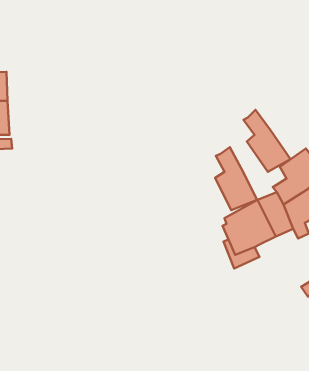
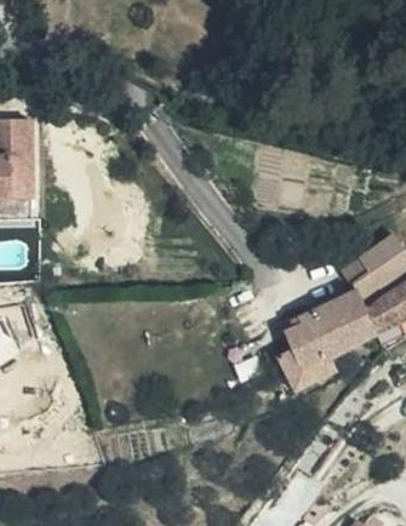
building: [244,110,291,172] -> none
building: [215,147,257,210] -> none

